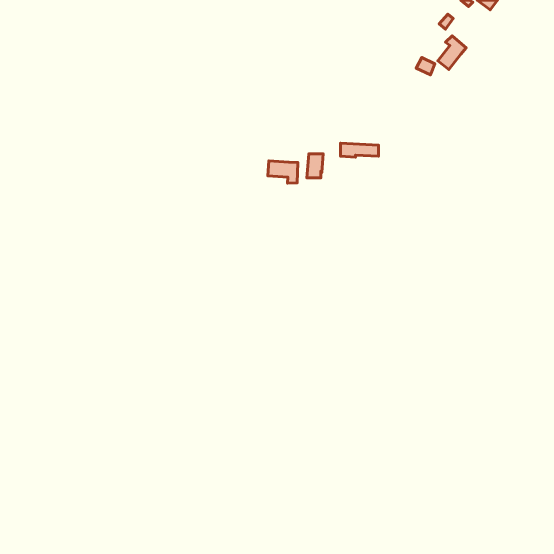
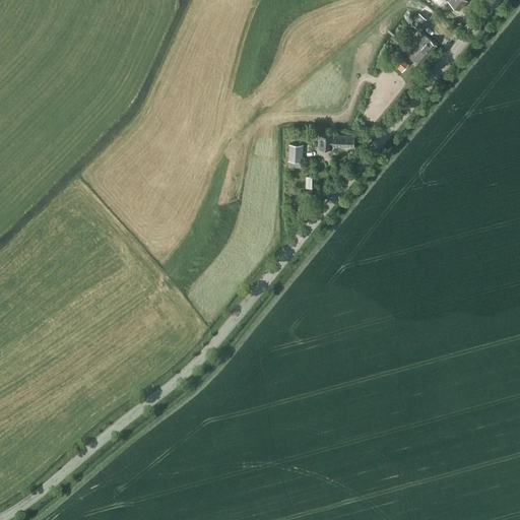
building: [268,161,298,183] -> none

